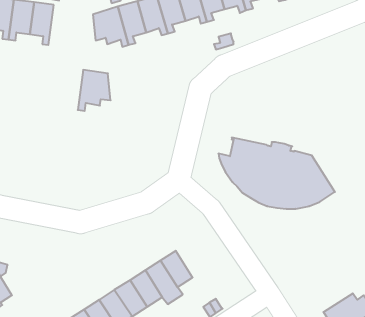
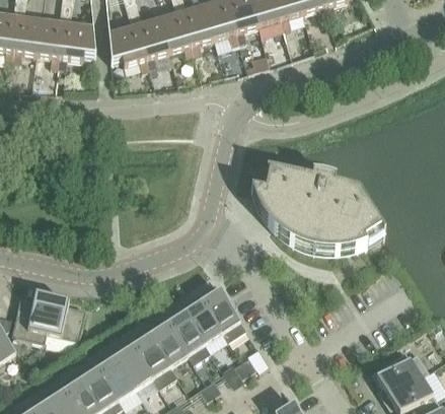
building: [78,70,111,111] -> [57,19,94,66]
building: none -> [202,287,246,340]
building: none -> [11,291,85,341]

